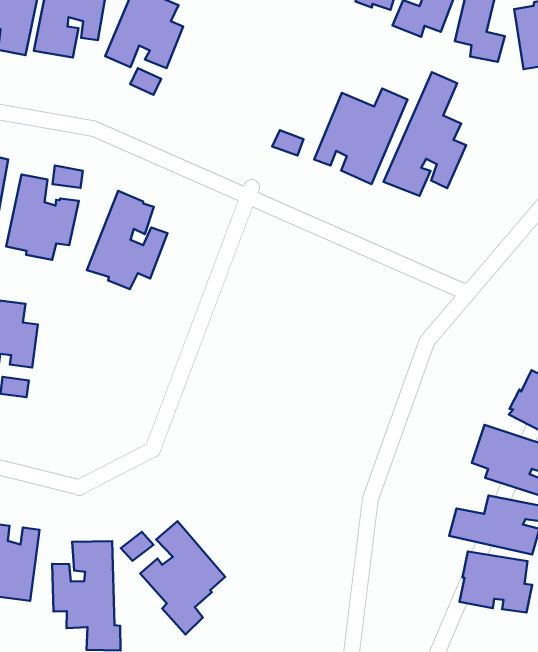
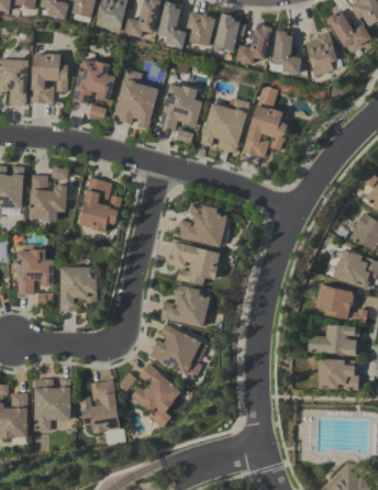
building: none -> [112,68,157,129]
building: none -> [158,83,201,130]
building: none -> [176,202,226,247]
building: none -> [167,242,220,286]
building: none -> [59,267,97,311]
building: none -> [159,285,209,328]
building: none -> [148,324,201,379]

